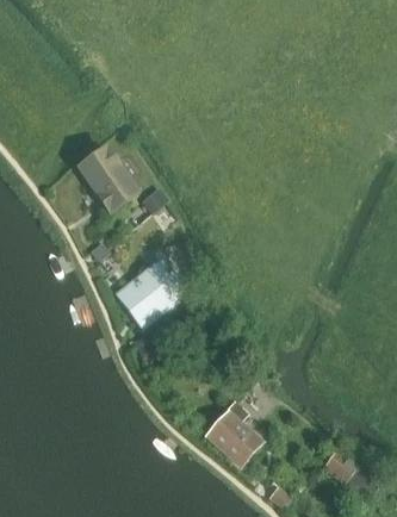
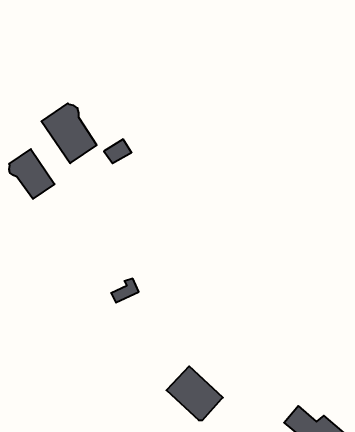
building: none -> [9,149,55,199]
building: [120,261,185,323] -> none

